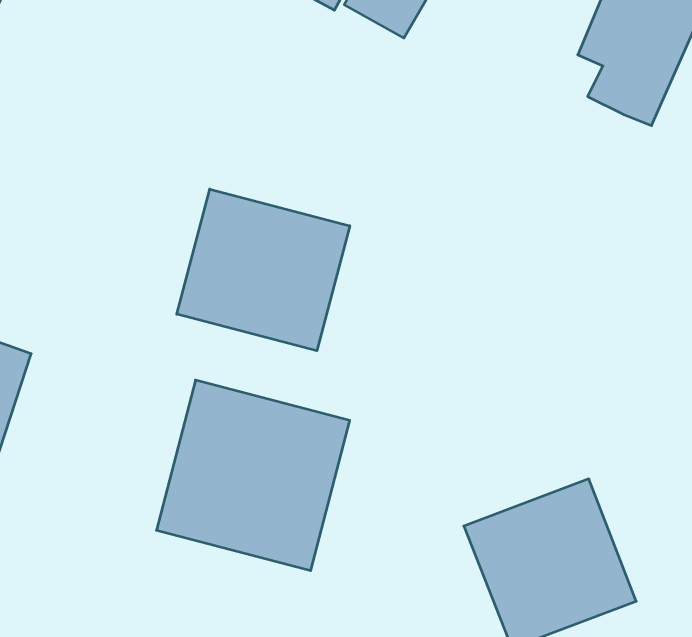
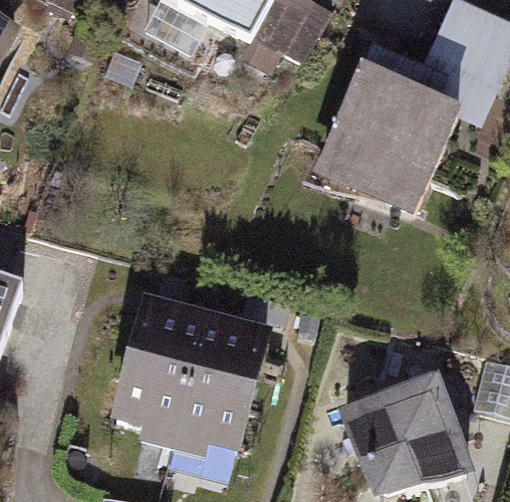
building: none -> [315,48,457,213]
building: [177,189,350,351] -> none

